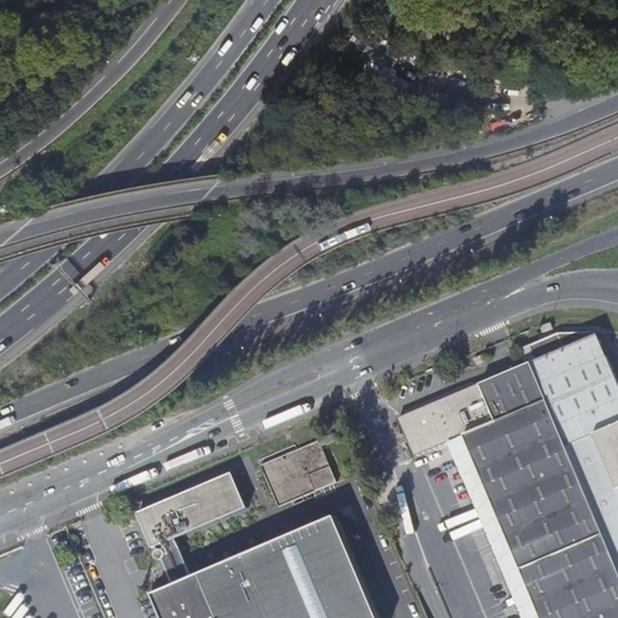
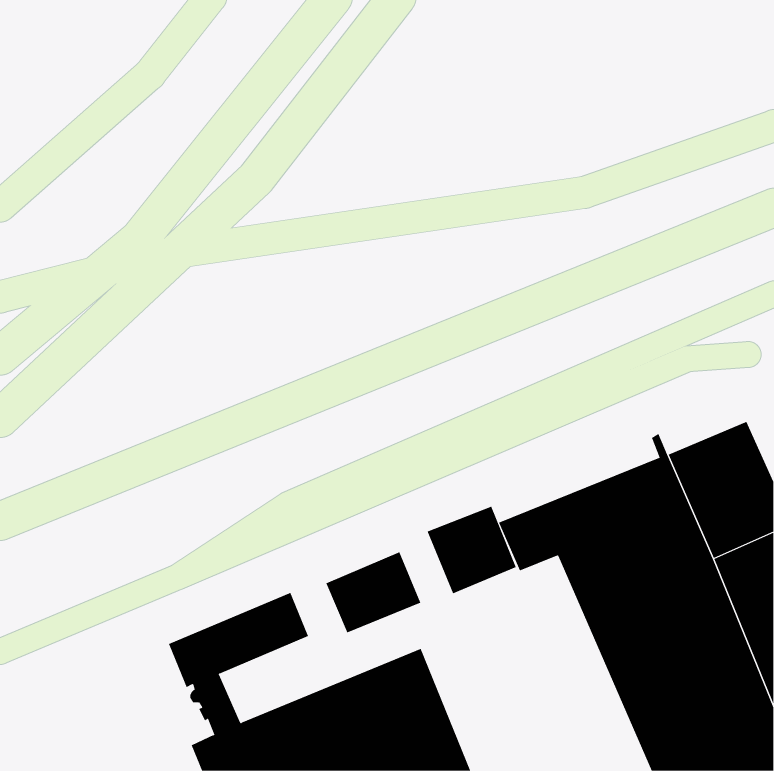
building: none -> [427,506,516,594]

